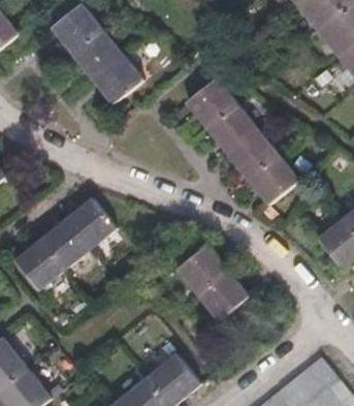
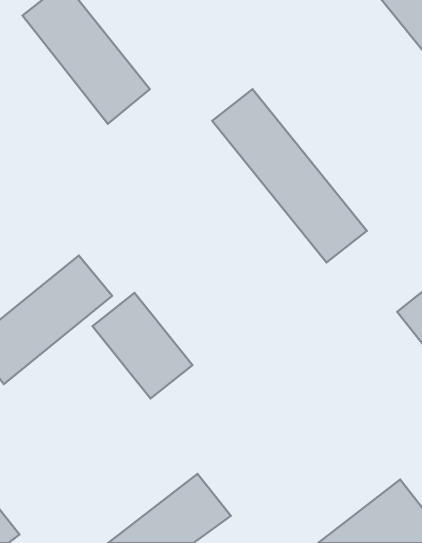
building: [176,245,248,320] -> [93,293,192,398]

